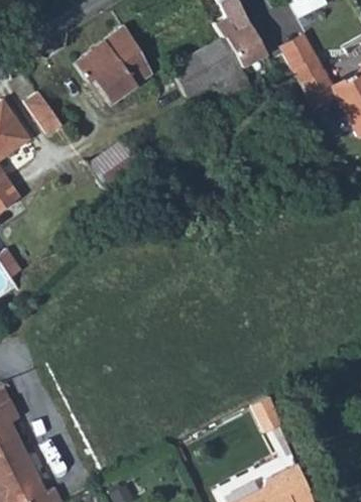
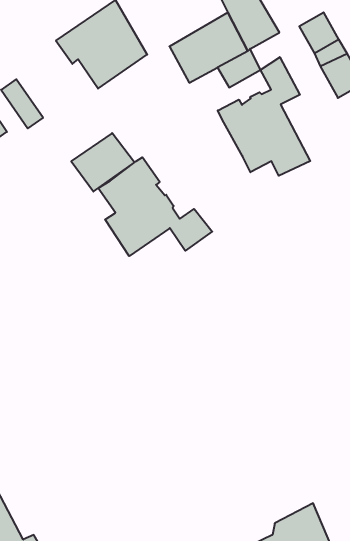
building: none -> [218,57,310,176]
building: none -> [98,157,212,256]

